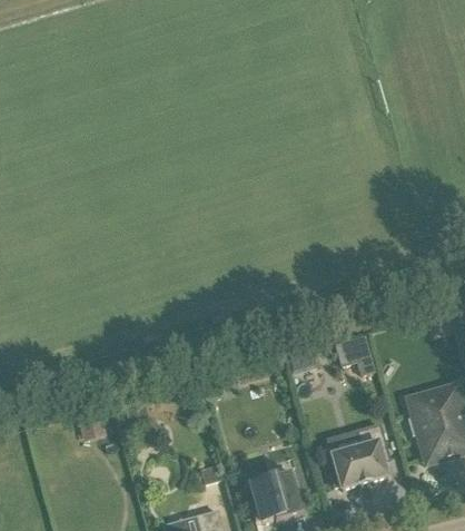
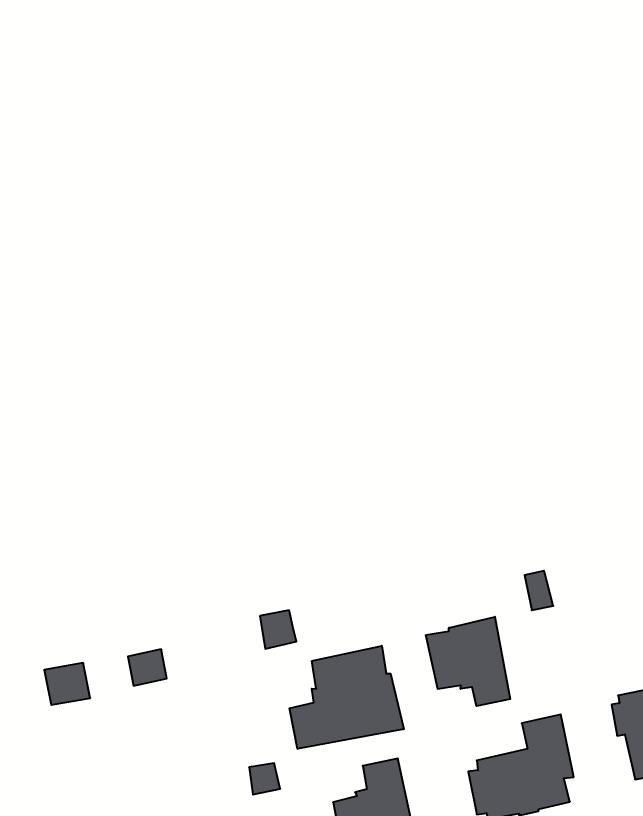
building: none -> [426,617,510,706]
building: none -> [289,646,404,749]

